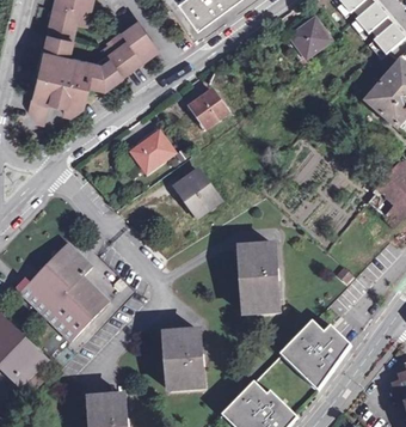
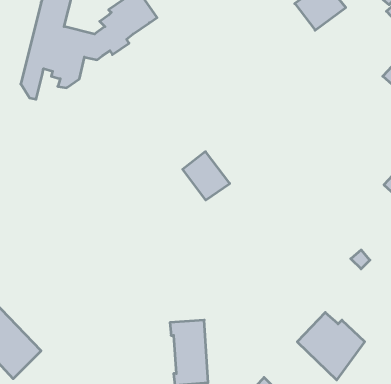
building: [187,89,229,129] -> none
building: [133,132,176,172] -> none
building: [16,243,109,340] -> none
building: [241,245,278,315] -> none

